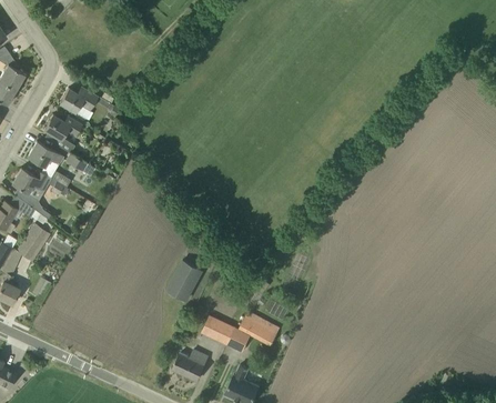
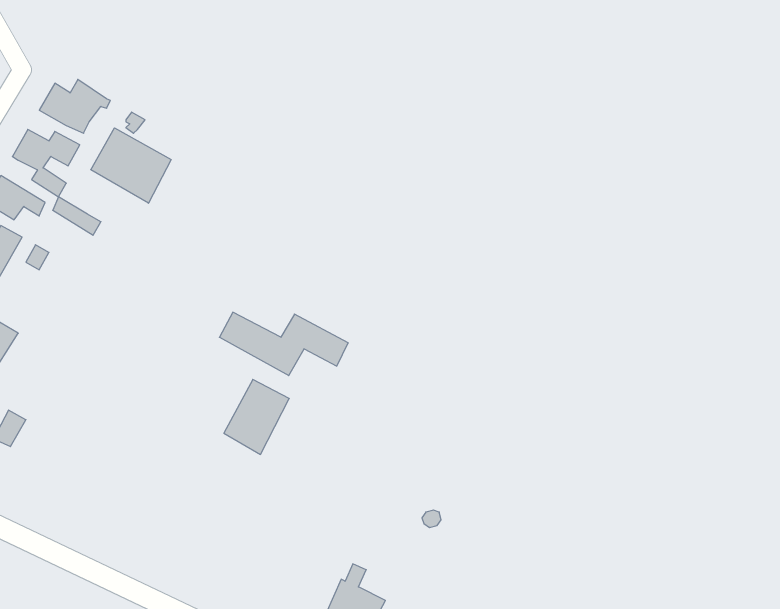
building: none -> [91,128,171,203]
building: [202,315,276,352] -> [219,312,348,376]
building: [172,350,207,381] -> none

